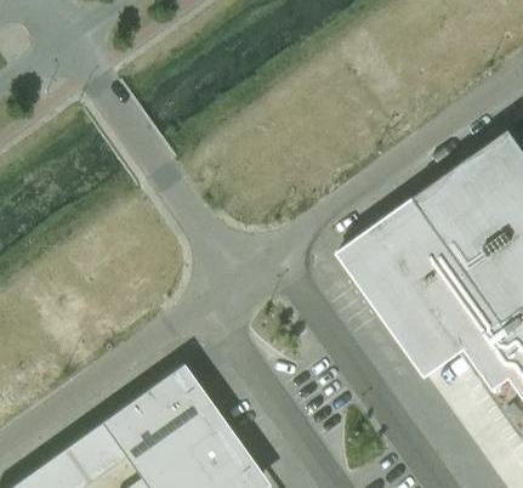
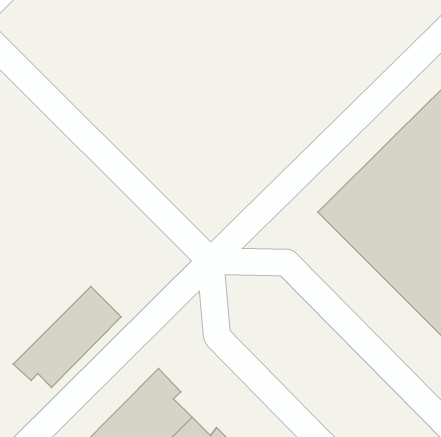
building: none -> [13,286,121,388]

